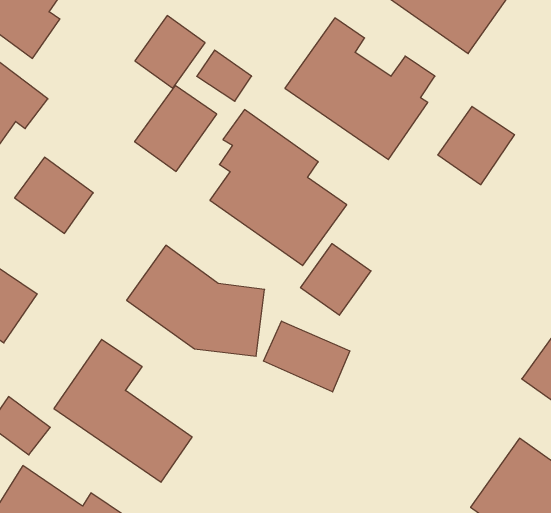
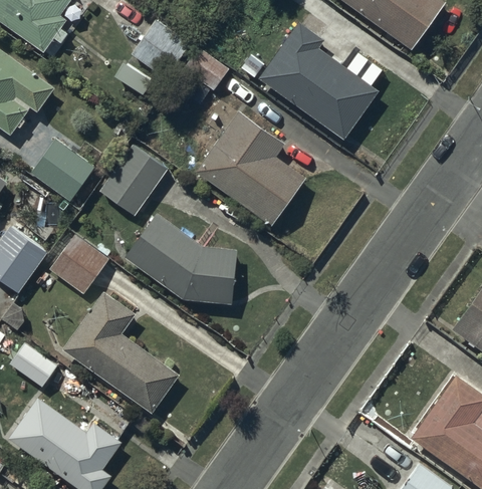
building: [135,86,217,171] -> [99,144,169,216]
building: [438,106,514,185] -> none
building: [301,244,371,315] -> none
building: none -> [50,237,107,295]
building: [263,321,350,392] -> none

